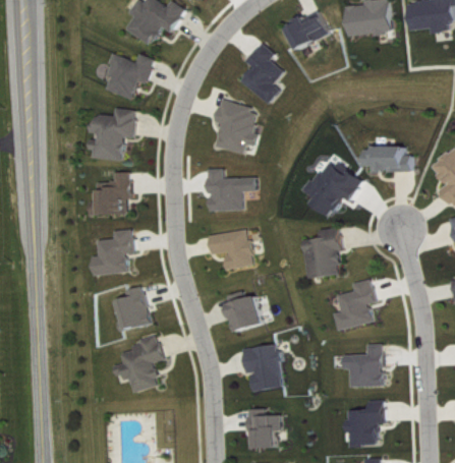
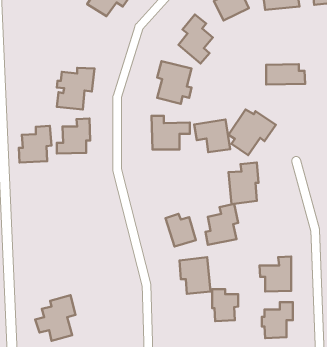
building: [106,54,156,100] -> none
building: [362,147,411,172] -> [266,64,305,85]
building: [93,229,133,275] -> [19,126,51,163]
building: [209,229,253,270] -> [194,120,230,152]
building: [334,279,375,330] -> [206,204,238,245]
building: [117,286,151,332] -> none
building: [113,336,163,393] -> [35,295,75,341]
building: [247,409,280,449] -> [212,289,238,321]

